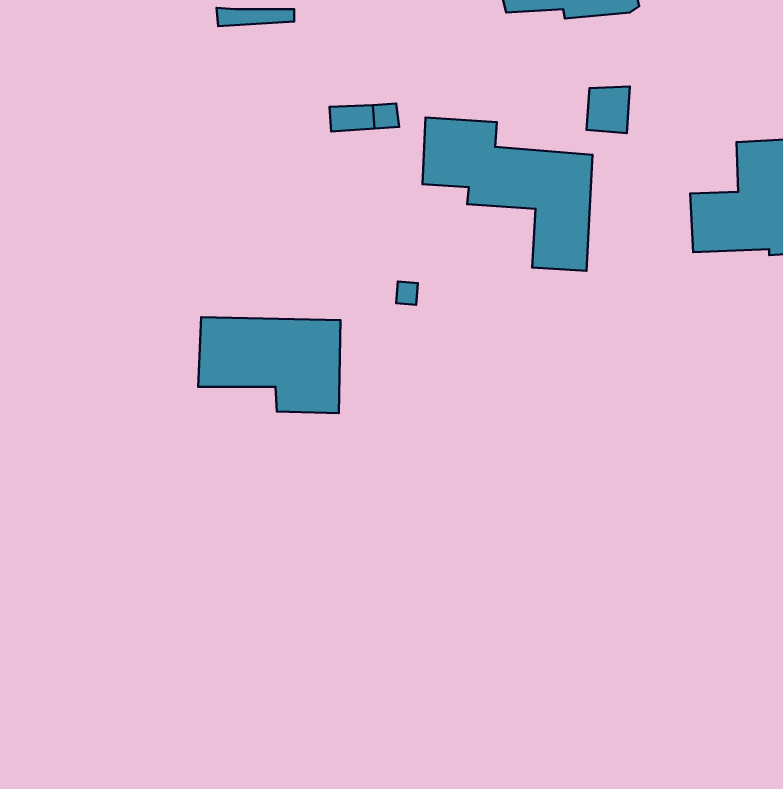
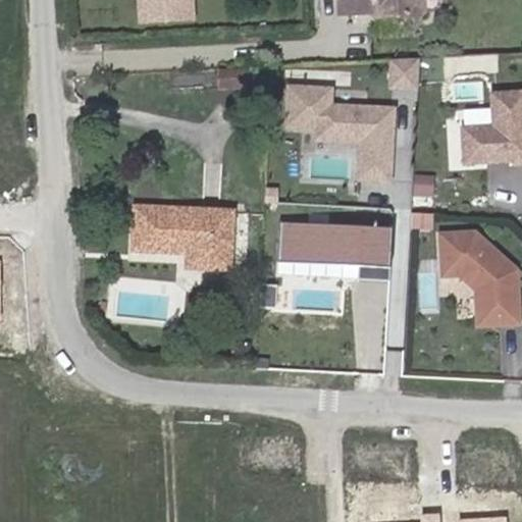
building: none -> [284,220,398,277]
building: none -> [440,230,516,320]

